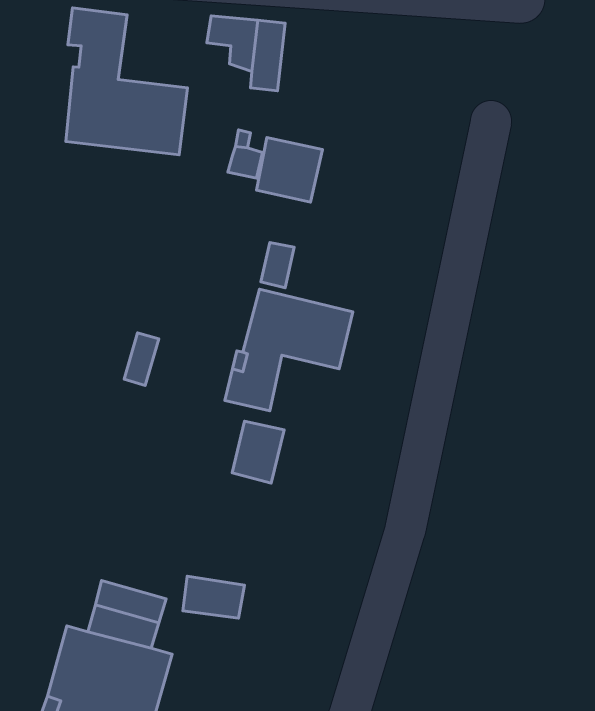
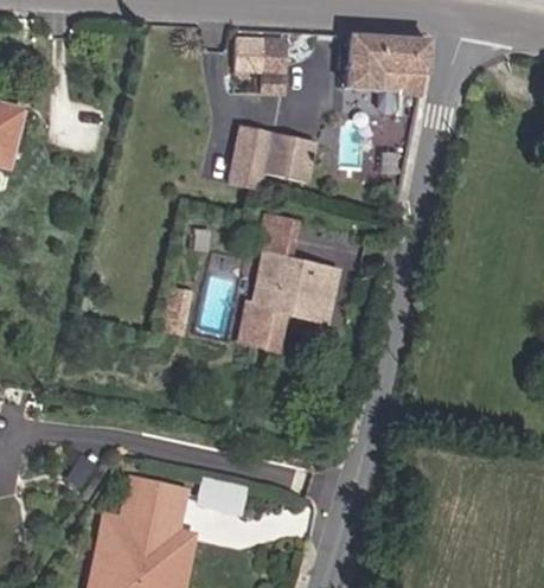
building: [66,8,187,155] -> none
building: none -> [345,38,424,94]
building: [232,421,284,483] -> none

